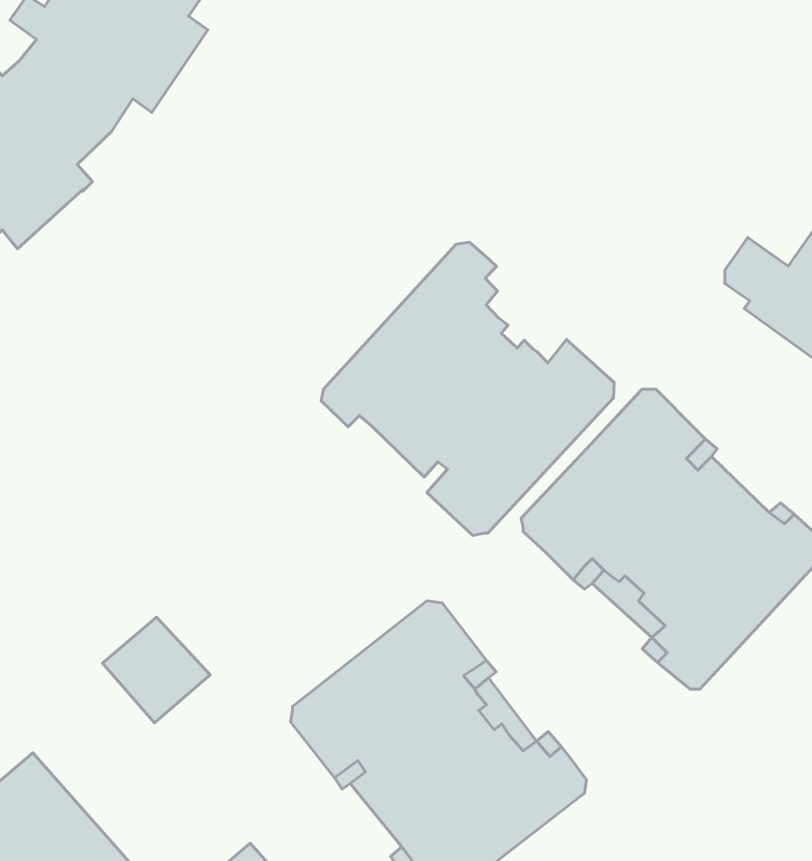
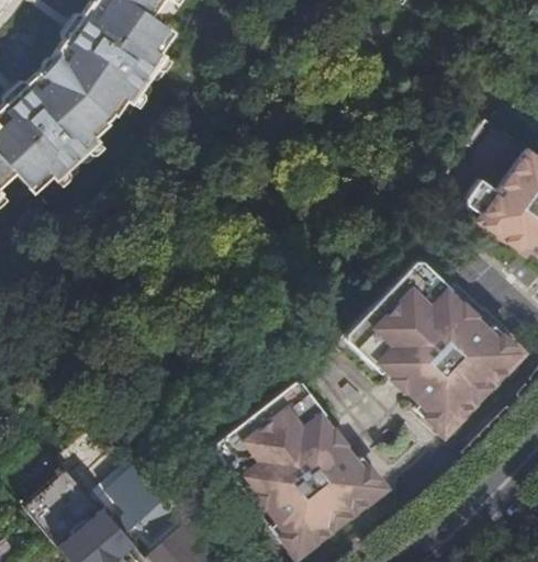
building: [321,242,614,535] -> none
building: [103,617,210,723] -> [111,467,172,527]

